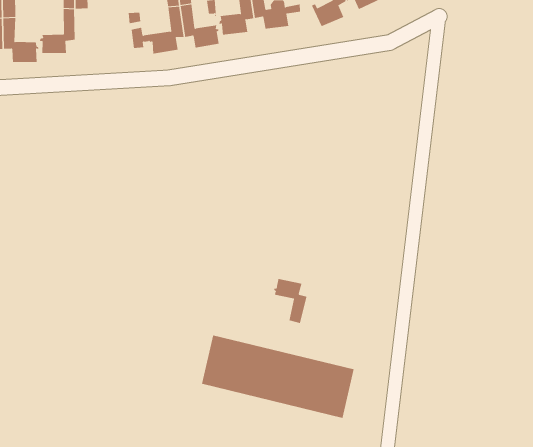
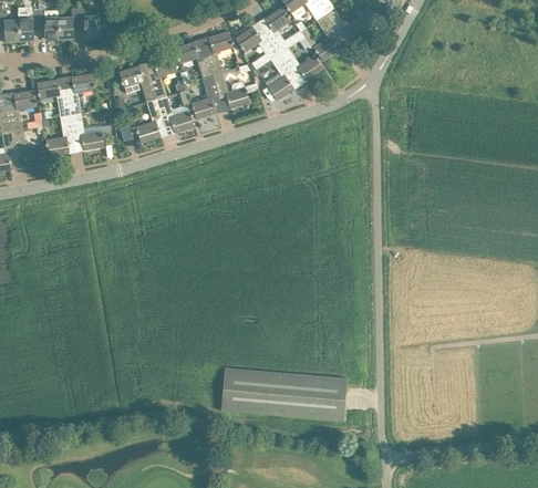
building: none -> [70,112,103,149]
building: [274,278,307,324] -> none

